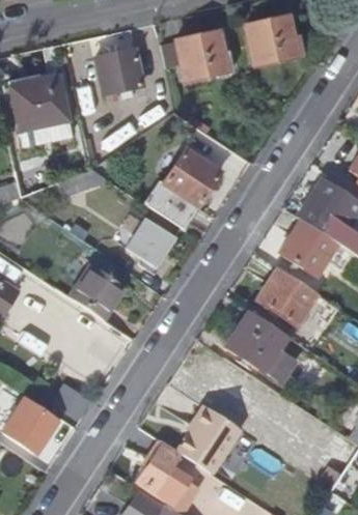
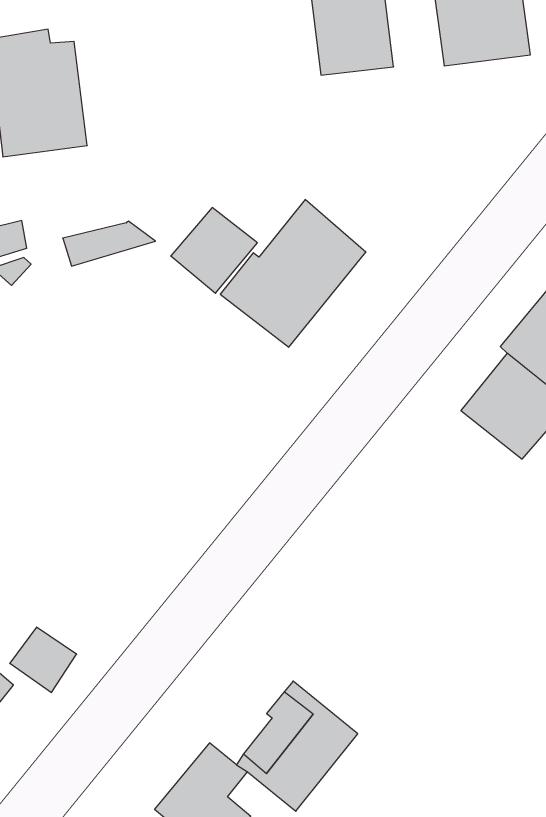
building: [95,49,143,92] -> none
building: [127,218,172,263] -> [171,208,257,293]
building: [71,261,127,317] -> none
building: [257,266,319,325] -> none
building: [226,310,294,383] -> none

